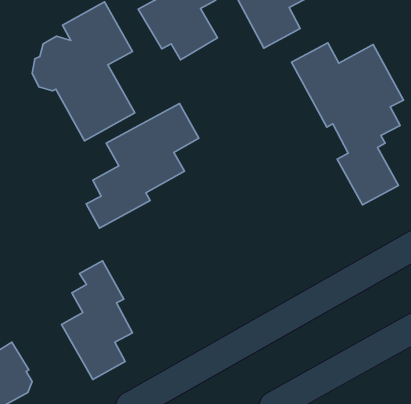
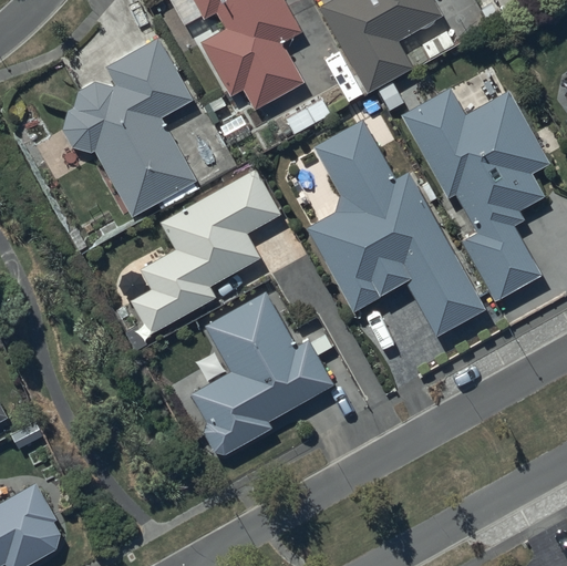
building: none -> [307,119,487,338]
building: none -> [190,285,339,455]
building: [62,261,133,379] -> none

